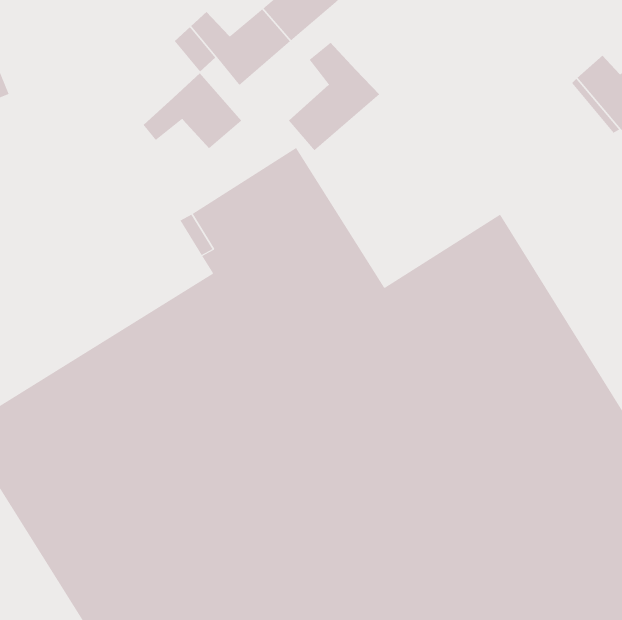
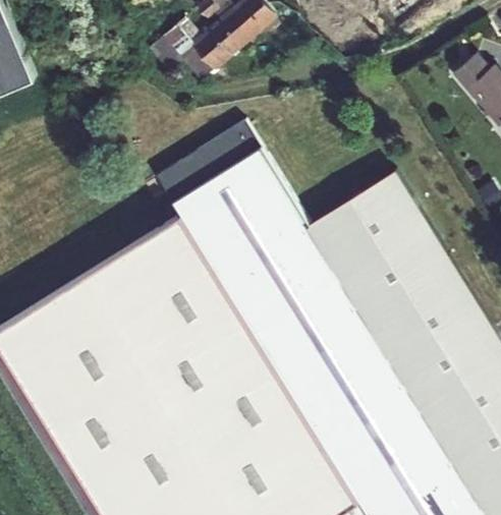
building: [288,42,380,151] -> none
building: [143,72,242,149] -> none

